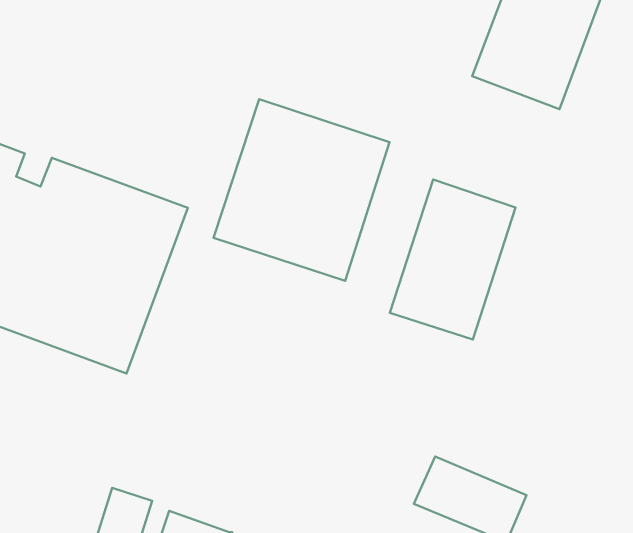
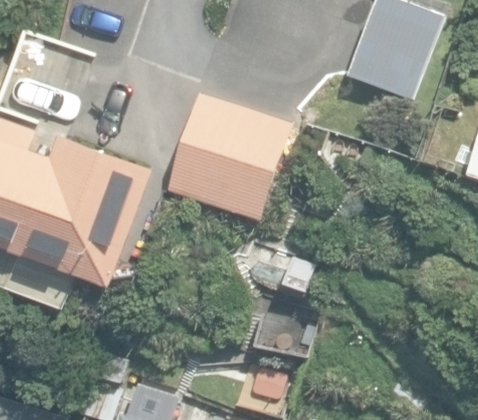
building: [390,180,515,339] -> none

